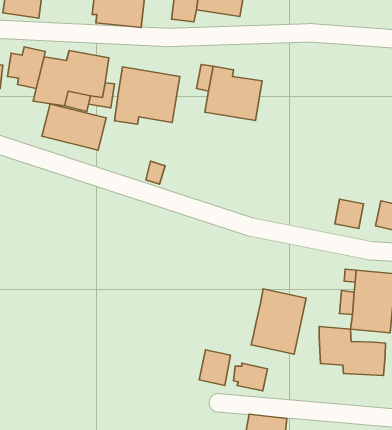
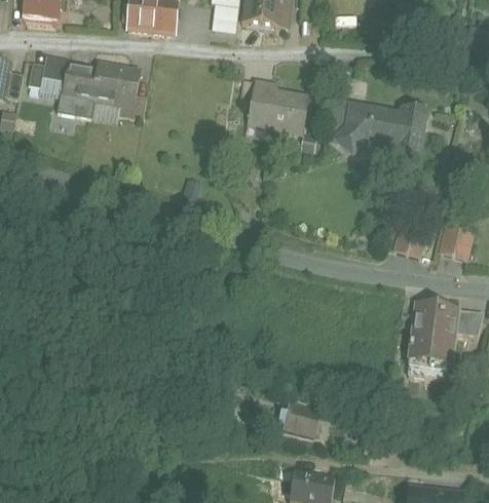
building: [114,67,180,124] -> none
building: none -> [335,99,432,161]
building: [42,104,106,150] -> none
building: [251,289,306,354] -> none
building: [319,327,386,376] -> none
building: [199,350,230,385] -> none

